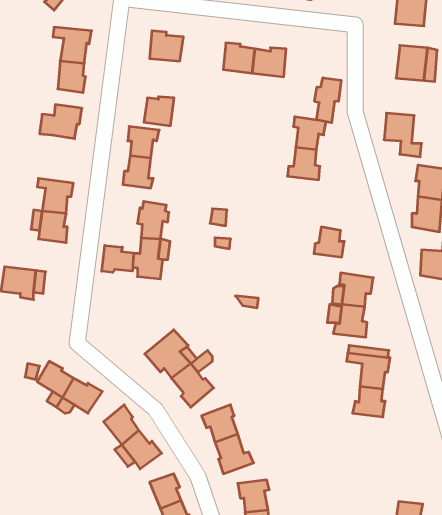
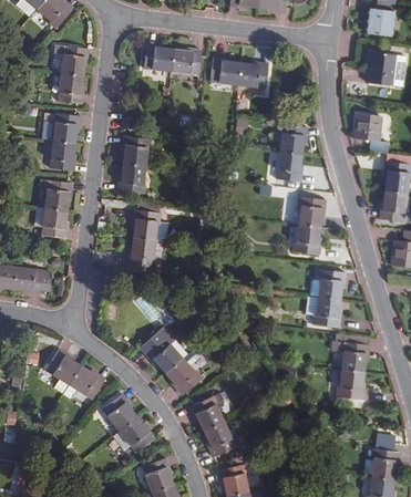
building: [315,78,341,123] -> none
building: [144,97,174,126] -> [169,50,197,76]
building: none -> [49,141,74,172]
building: none -> [298,197,323,228]
building: [102,245,133,272] -> none
building: none -> [369,439,399,478]

